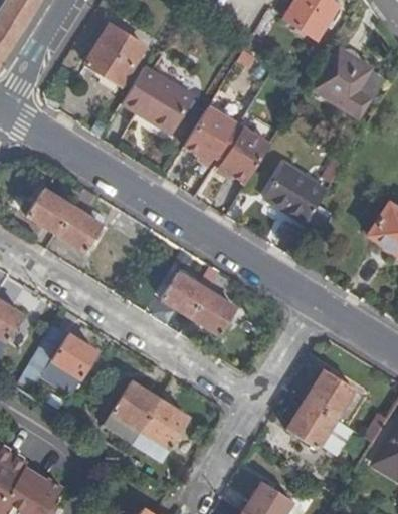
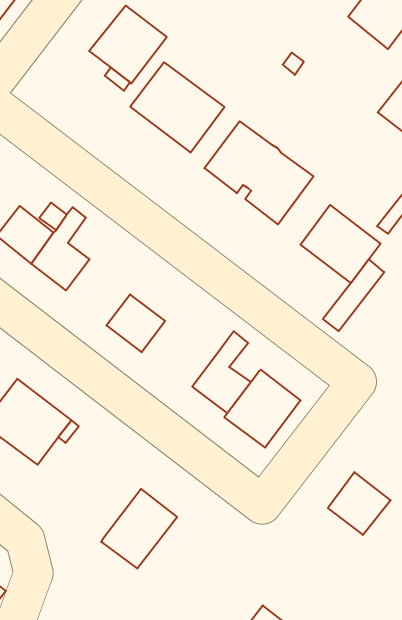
building: [162,272,207,316] -> [106,294,165,352]
building: none -> [224,370,301,448]
building: [103,381,159,442] -> none
building: [287,401,335,448] -> none

